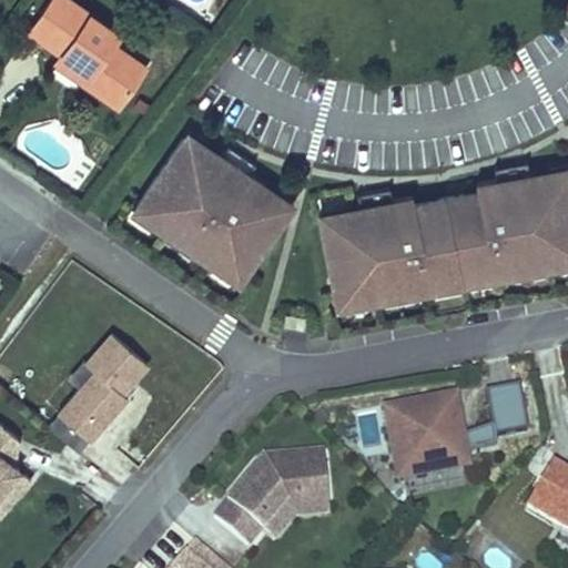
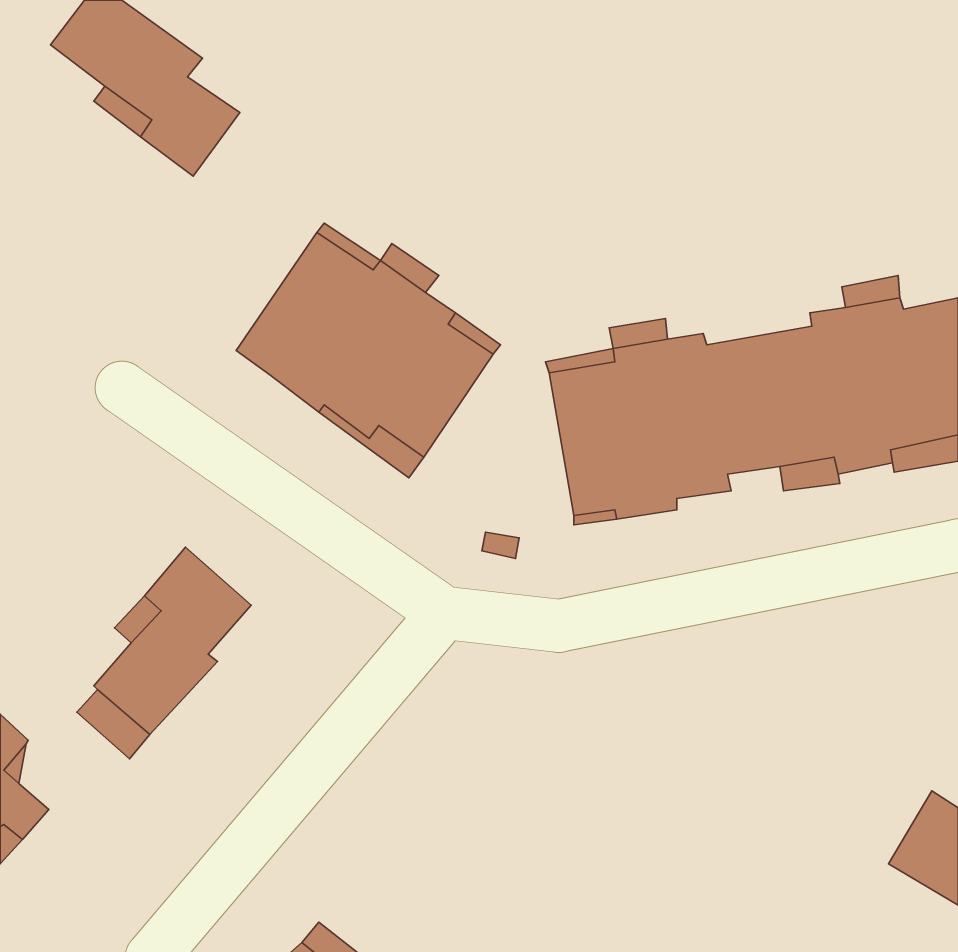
building: [386,394,527,487] -> none
building: [212,448,329,551] -> none

